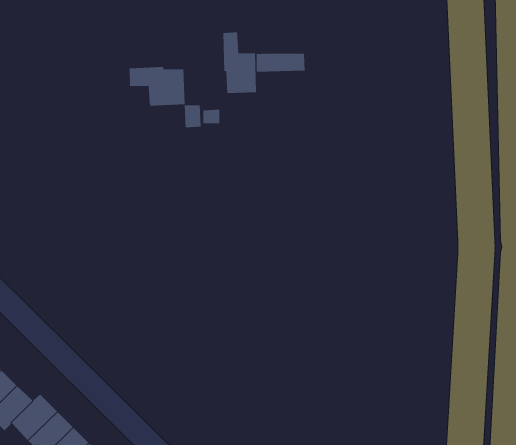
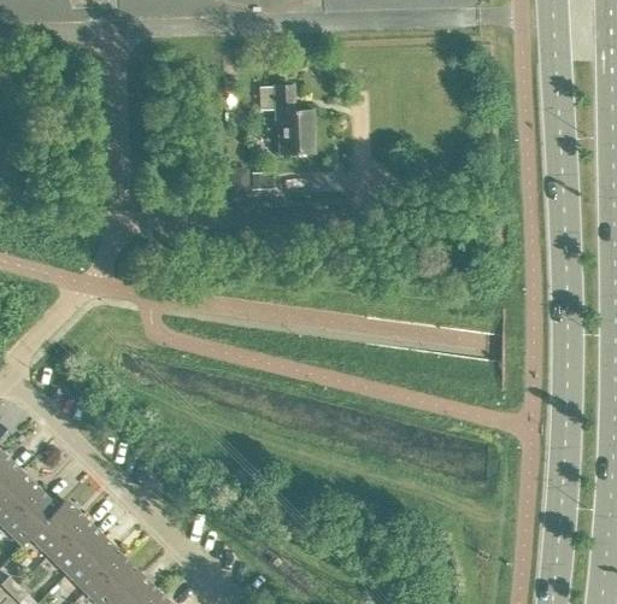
building: [256,53,305,73] -> none
building: [129,66,185,106] -> none

